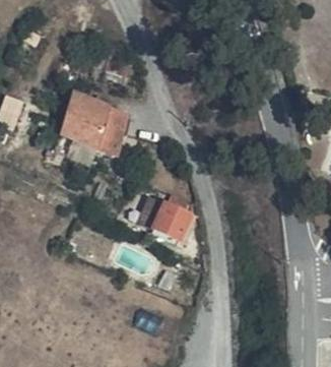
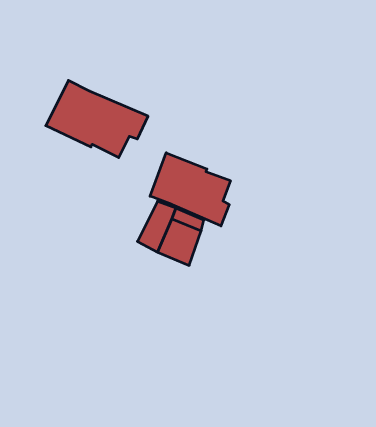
building: none -> [150,153,230,226]

